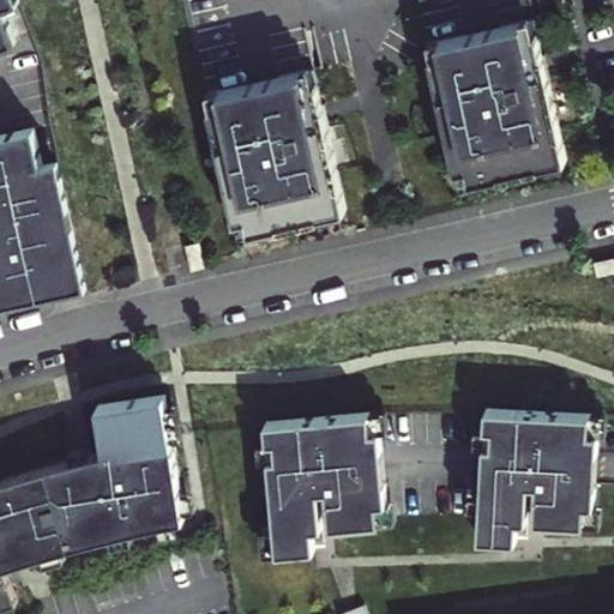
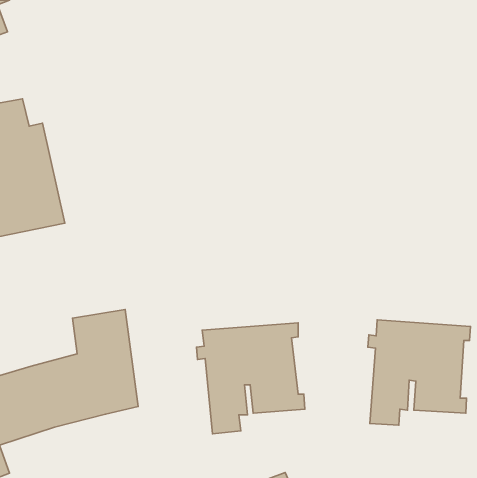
building: [421,24,560,187] -> none
building: [199,76,337,237] -> none

